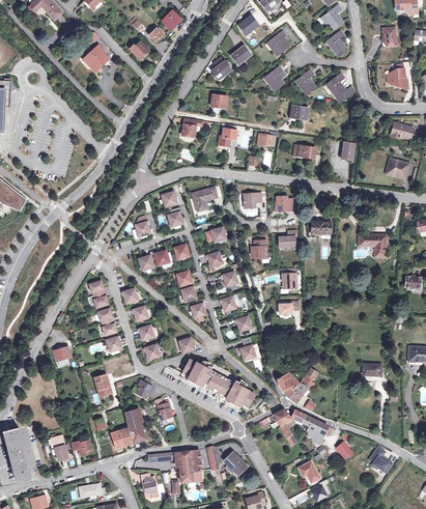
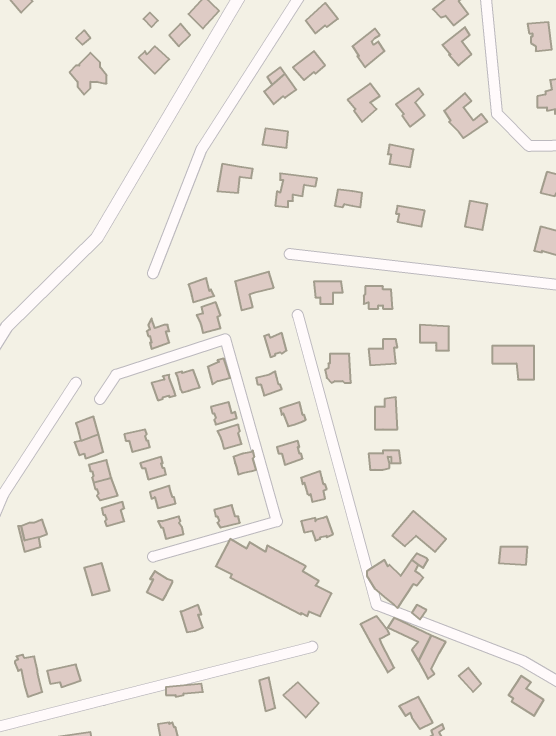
building: none -> [392,511,446,552]
building: [111,409,145,449] -> none
building: [177,449,202,481] -> none

